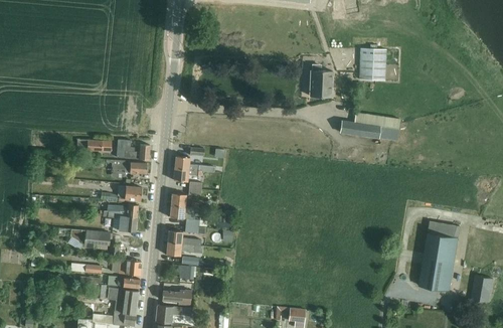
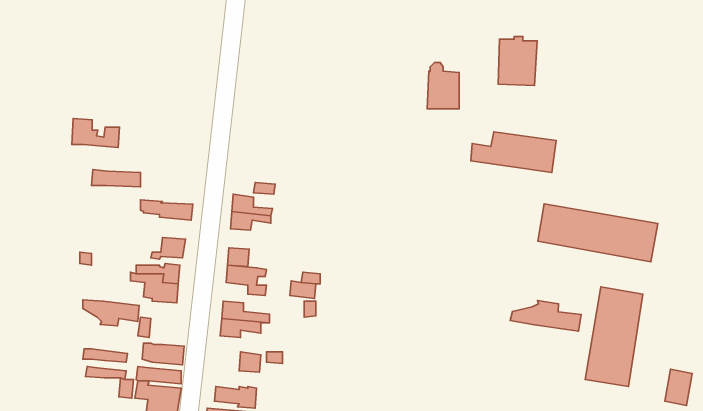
building: [117,139,150,159] -> [72,118,120,147]
building: none -> [538,204,658,262]
building: none -> [510,300,581,331]

